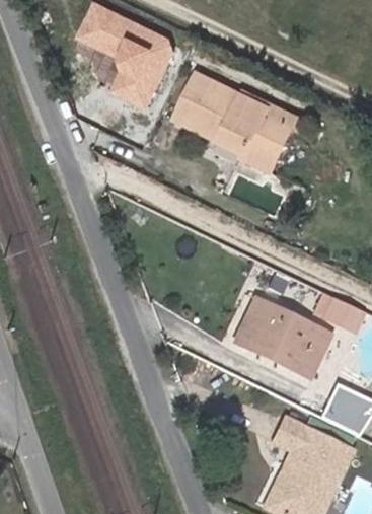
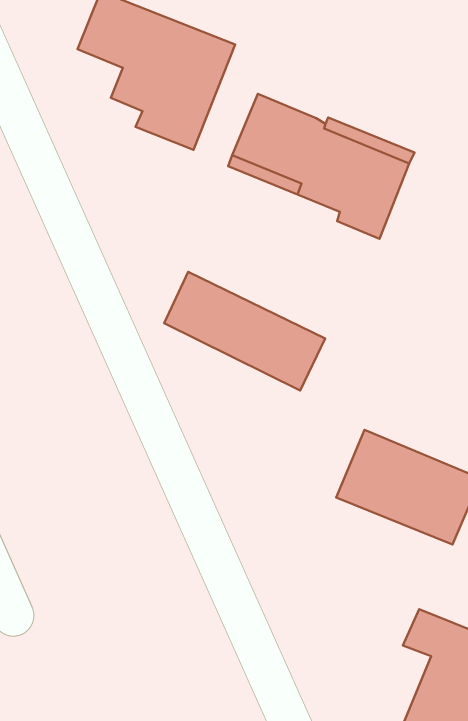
building: none -> [164,272,325,391]

